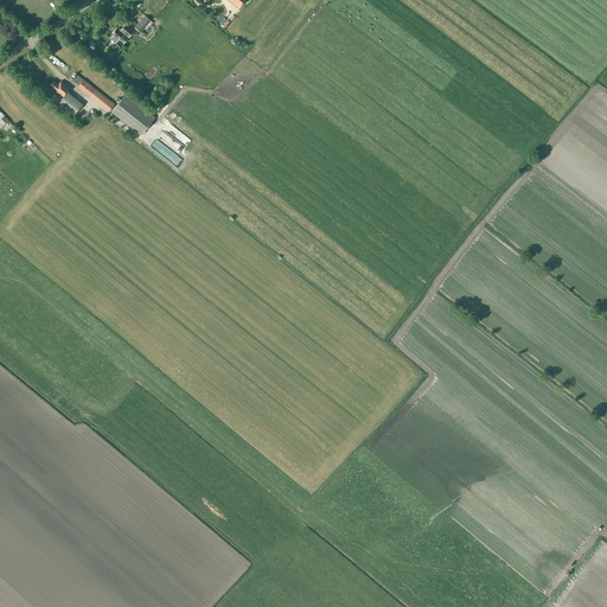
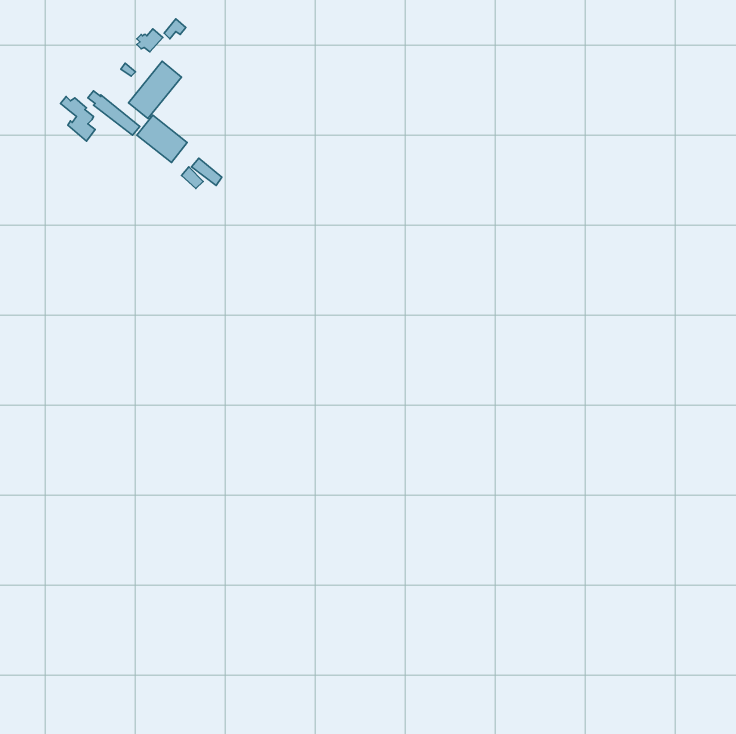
building: none -> [128,61,181,119]

